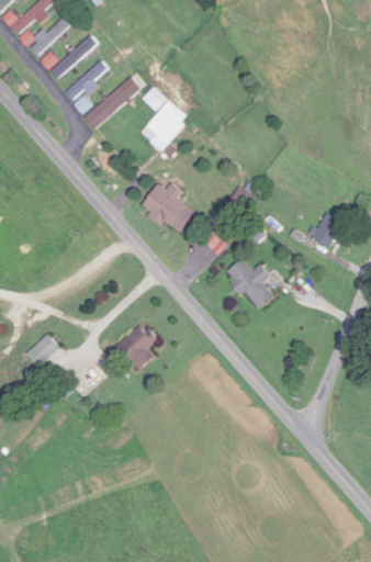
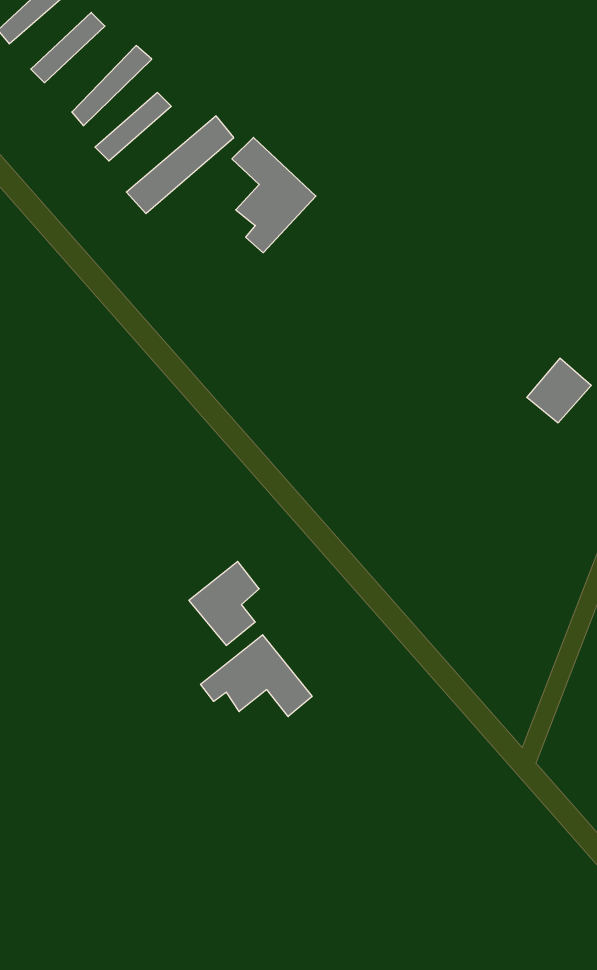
building: [143,182,194,233] -> none
building: [224,259,274,308] -> none
building: [25,333,59,367] -> none
building: none -> [201,635,312,717]

